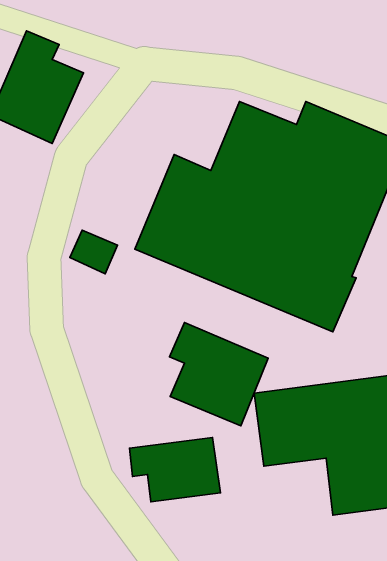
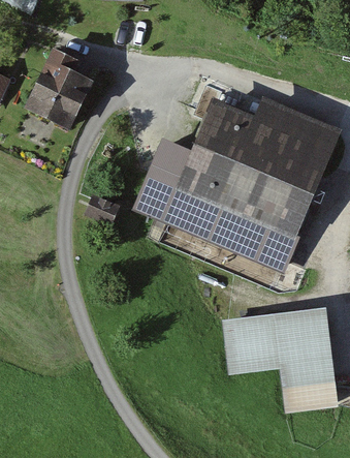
building: [169,323,268,426] -> none
building: [130,438,221,502] -> none

